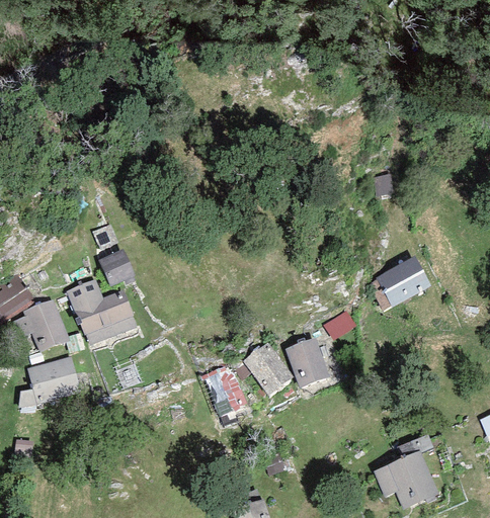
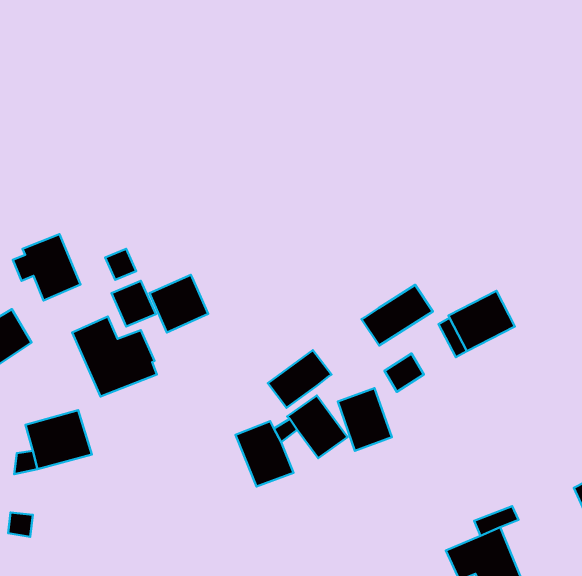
building: none -> [150,275,208,332]
building: none -> [361,285,433,346]
building: [14,298,70,353] -> [13,234,80,301]
building: none -> [268,350,332,408]

